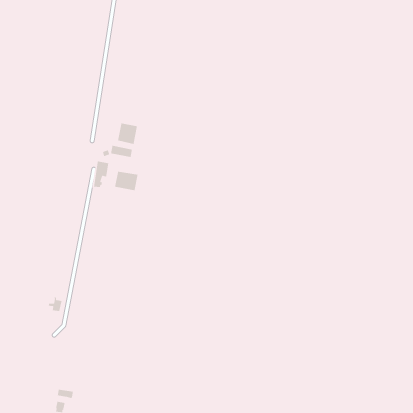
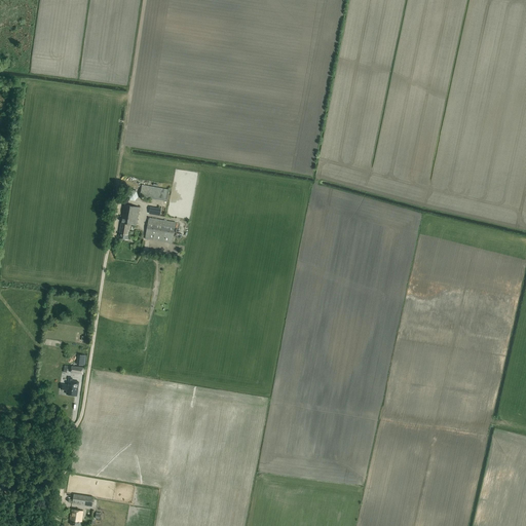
building: [117,123,138,145] -> none

